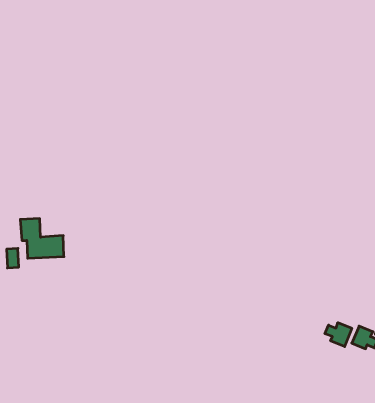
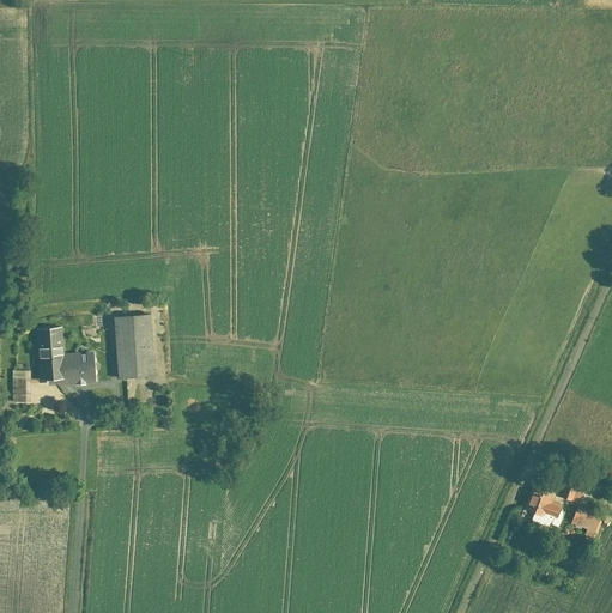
building: none -> [111,315,154,380]
building: [325,323,352,347] -> none

